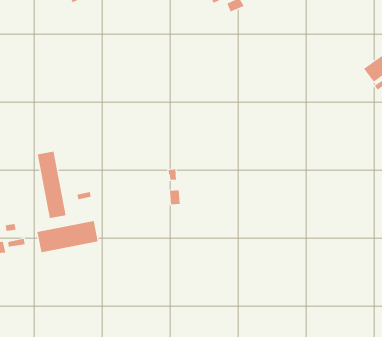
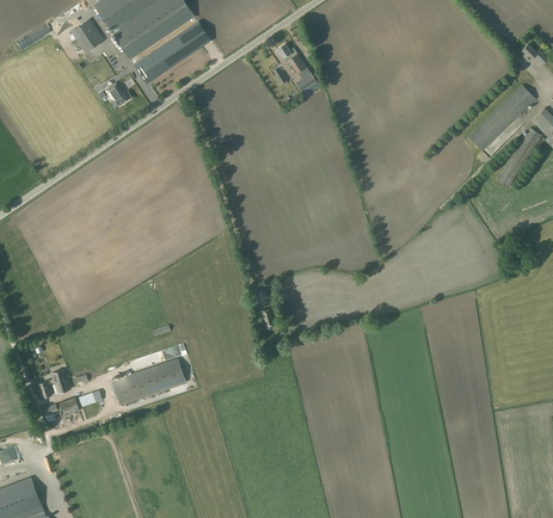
building: [37,151,66,219] -> none

